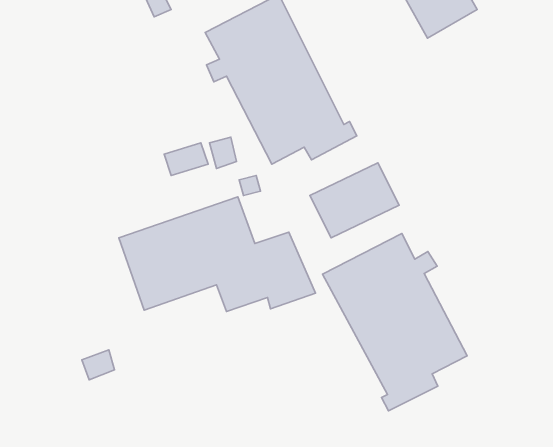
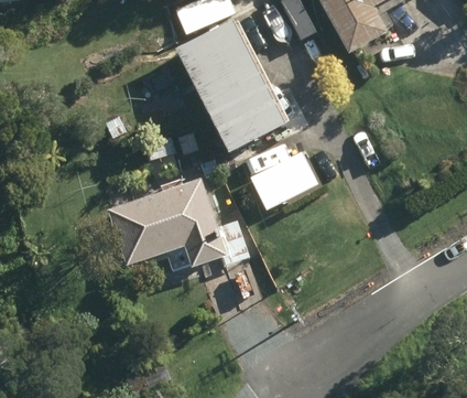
building: [322,234,467,411] -> none

